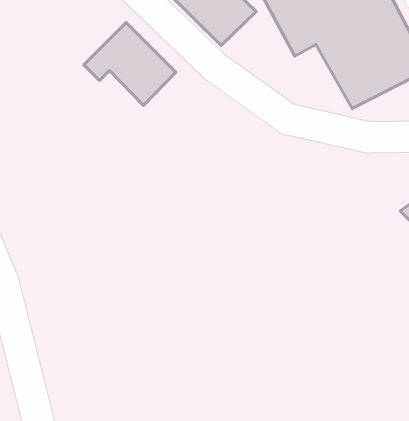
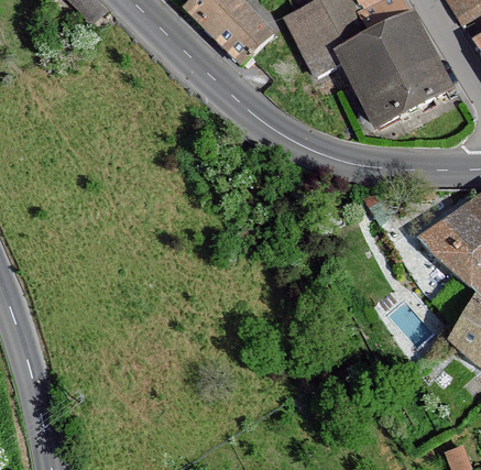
building: [84,23,176,106] -> none

